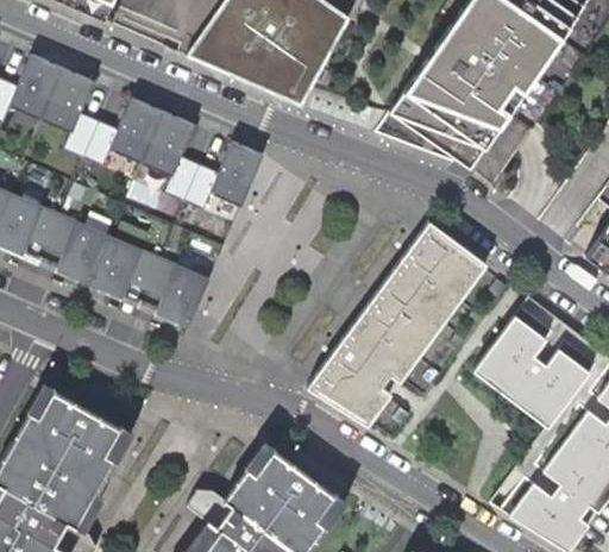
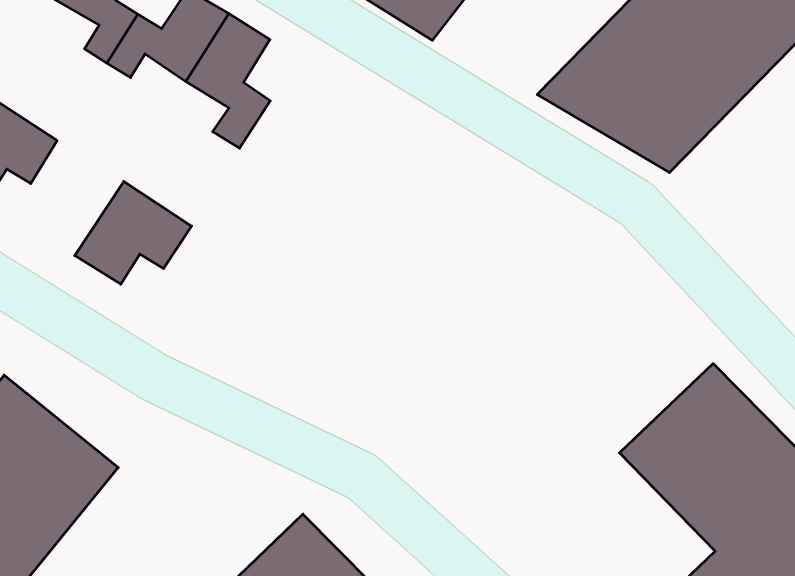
building: [182,140,259,208] -> none
building: [44,215,107,291] -> none
building: [312,222,478,420] -> none
building: [144,258,207,334] -> none

